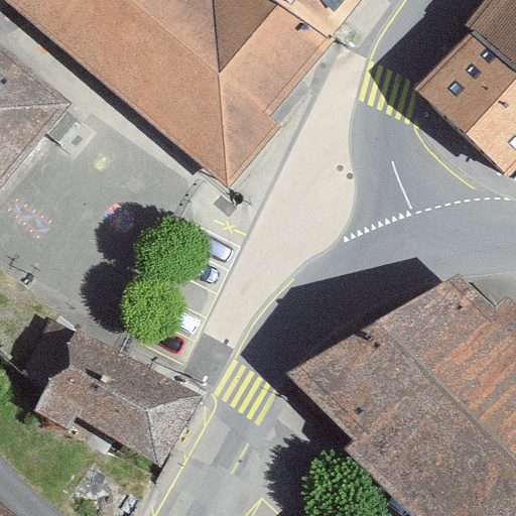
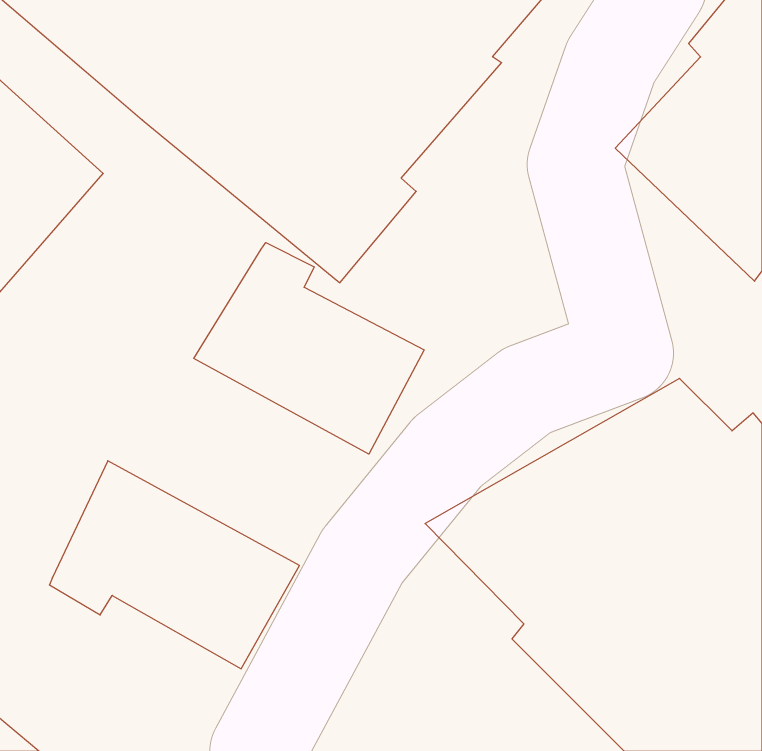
building: none -> [194,243,424,454]

